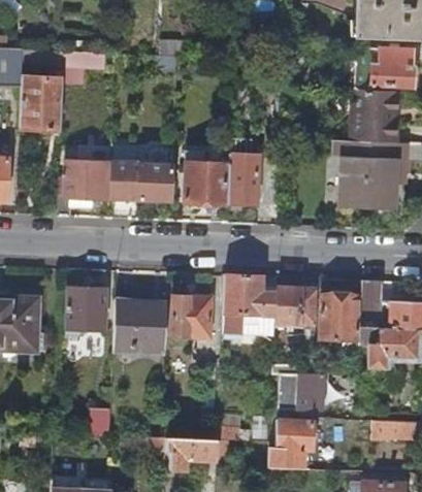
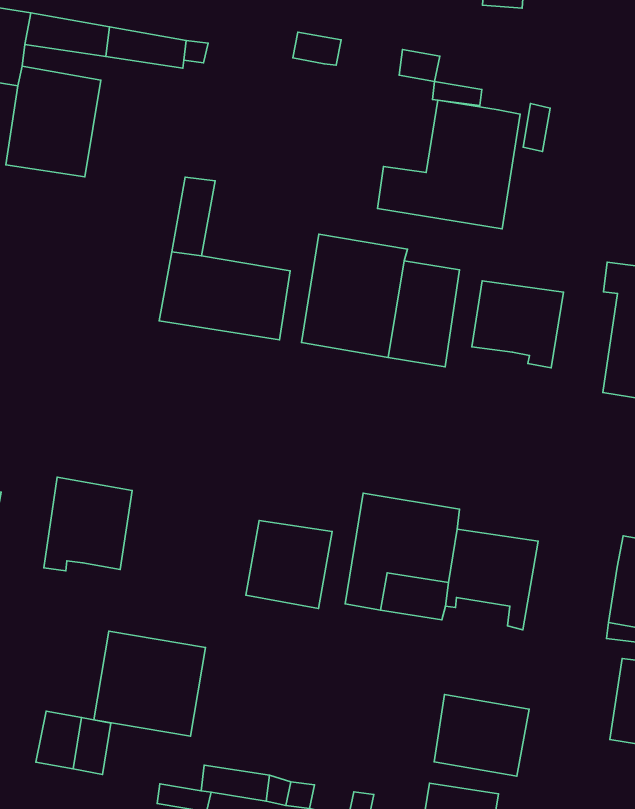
building: none -> [378,100,520,229]
building: none -> [472,281,564,368]
building: [59,161,109,217] -> none
building: [319,295,360,339] -> none
building: [113,300,166,349] -> [94,631,205,736]

